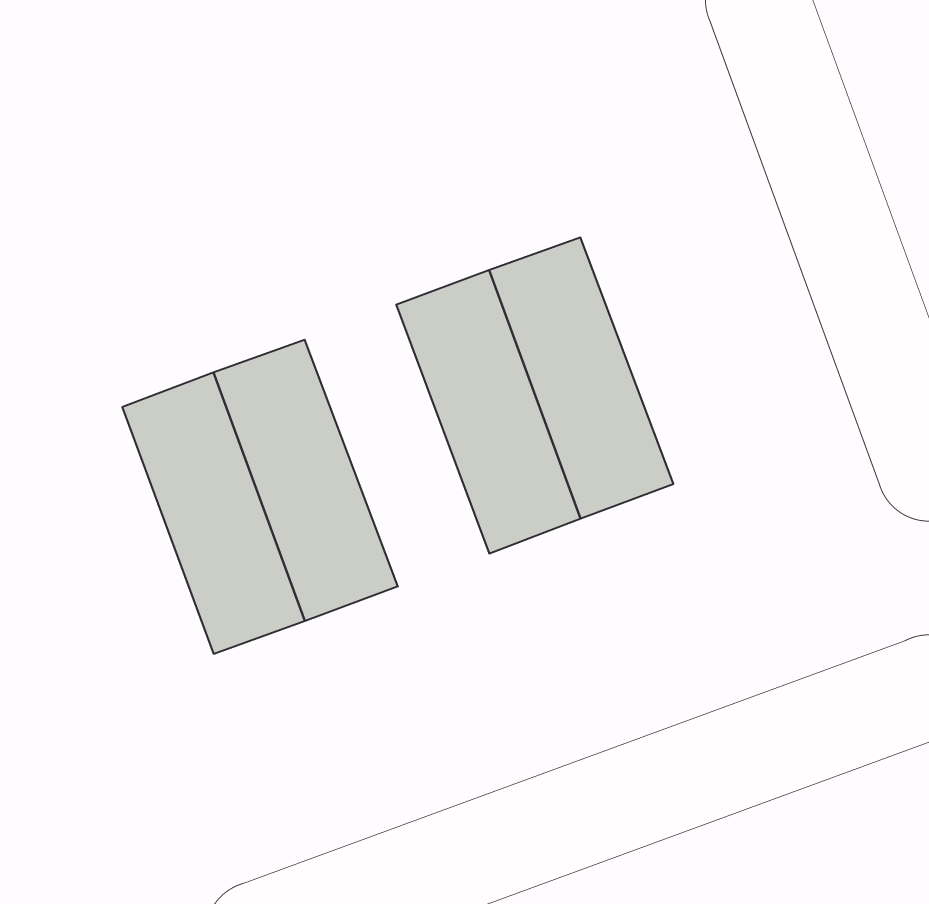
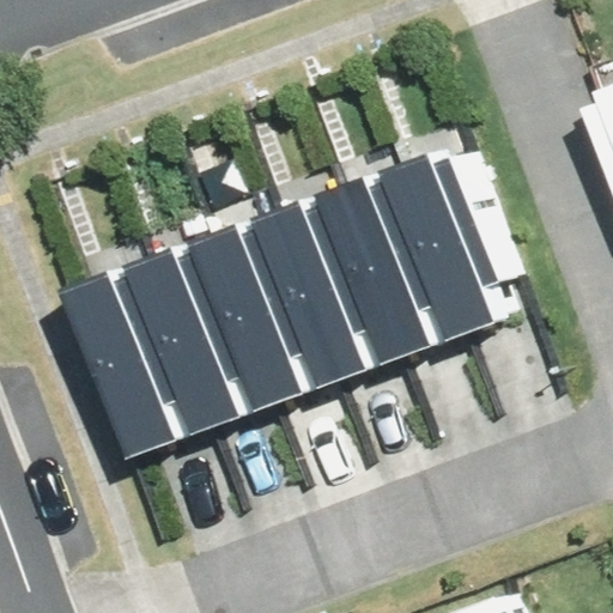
building: none -> [381,152,502,336]
building: none -> [200,219,321,403]

